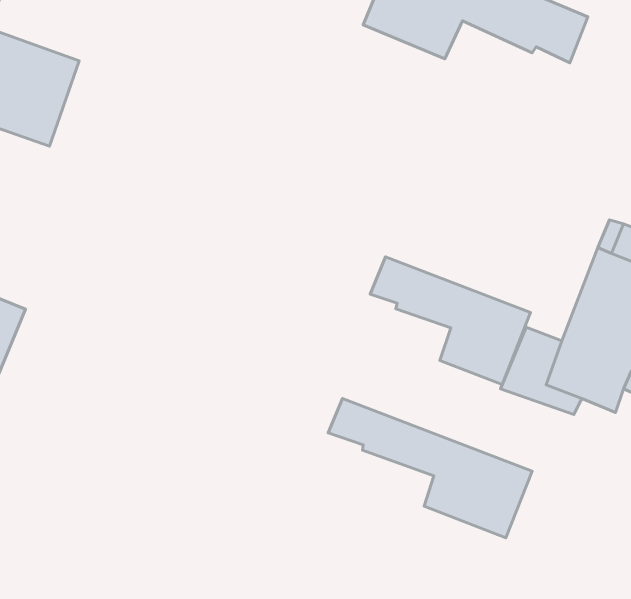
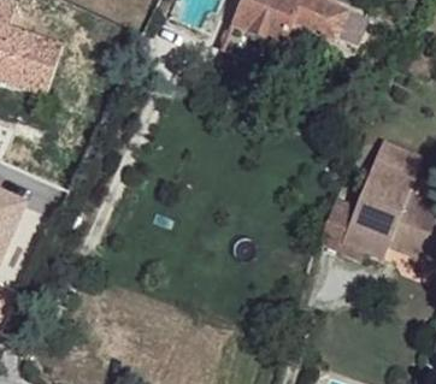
building: [370,257,530,385] -> none
building: [328,398,532,538] -> none

